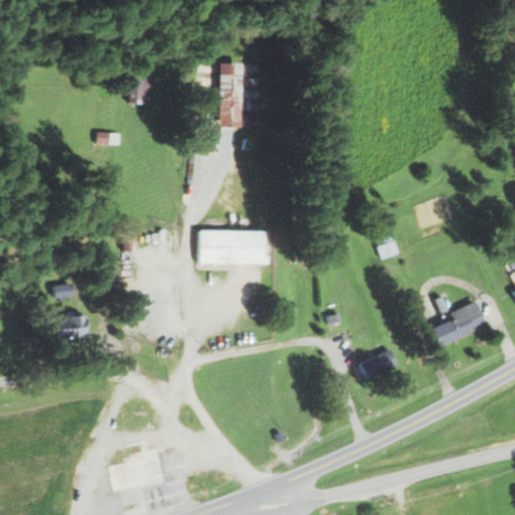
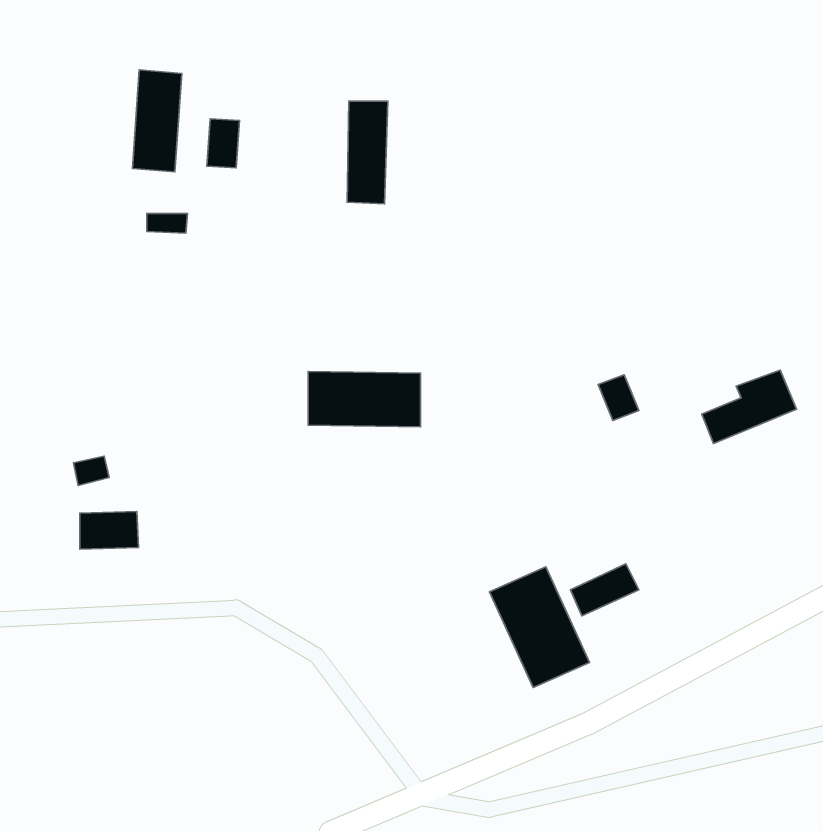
building: none -> [132,70,182,172]
building: [427,302,486,347] -> [702,370,796,443]
building: none -> [489,567,589,687]

